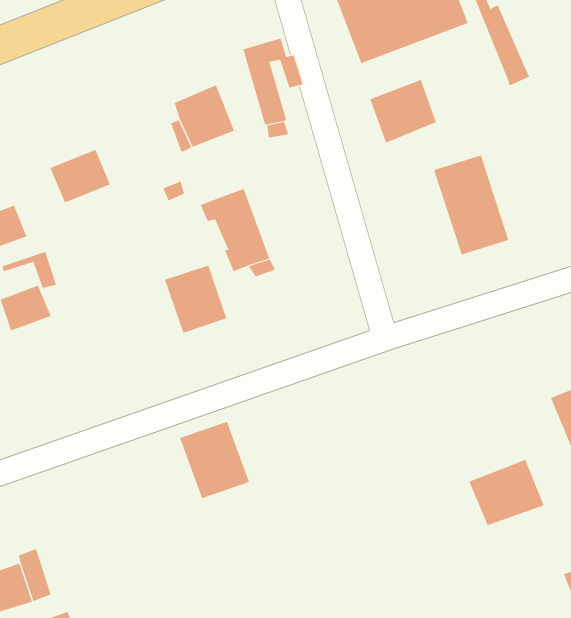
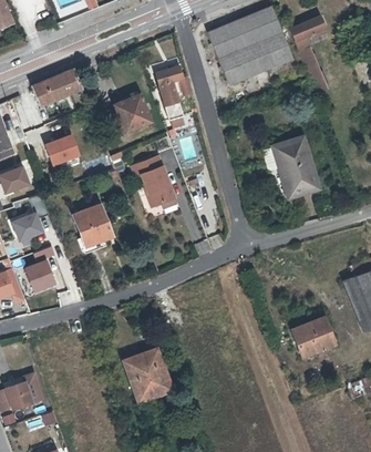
building: none -> [29,66,81,106]
building: [369,79,436,143] -> none
building: [164,265,227,333] -> [72,203,110,244]
building: none -> [25,257,56,290]
building: [179,421,250,499] -> [132,353,174,400]

